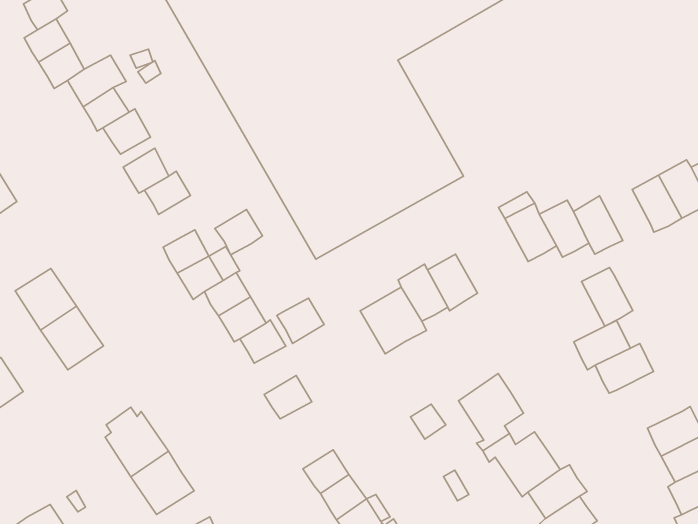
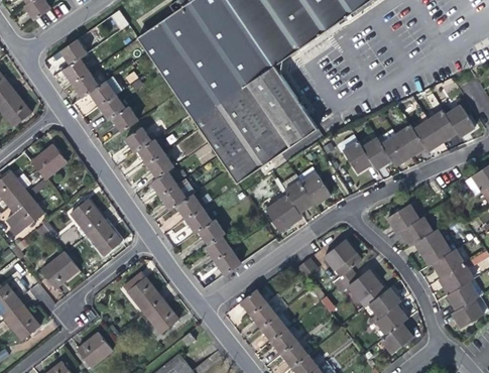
building: [215,210,262,255] -> [146,152,173,178]
building: [582,268,633,326] -> [394,125,424,158]
building: [277,298,324,343] -> [204,235,231,261]
building: none -> [412,229,451,266]

